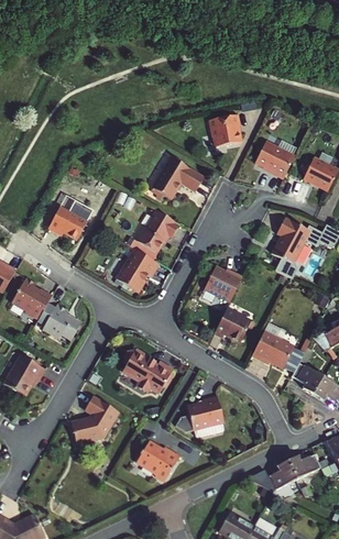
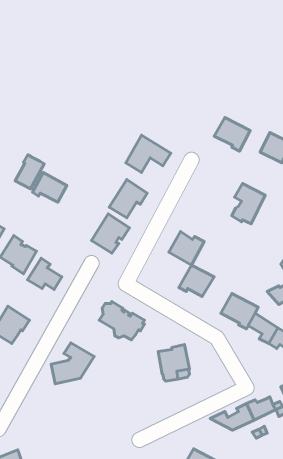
building: [207,113,239,145] -> none
building: none -> [15,155,44,189]
building: [136,439,178,480] -> none

